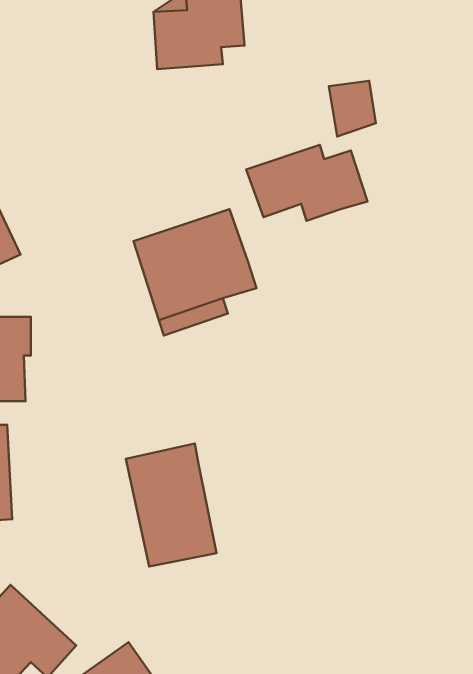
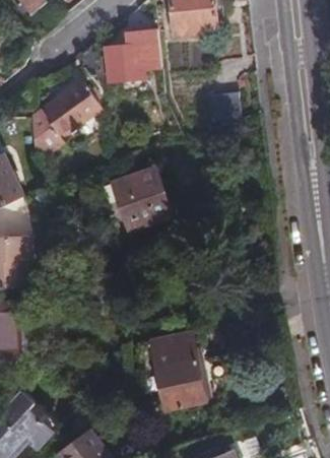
building: none -> [29,83,97,146]
building: [246,145,367,221] -> none
building: [126,444,217,567] -> [149,333,204,407]

